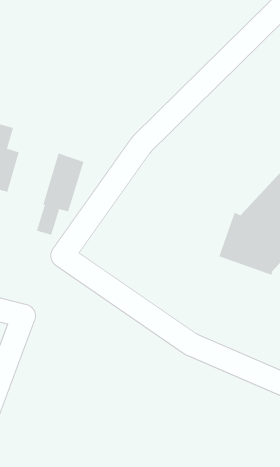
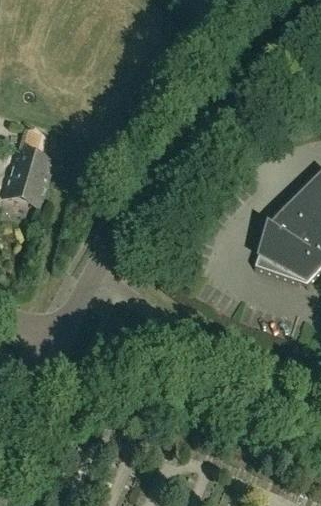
building: [36,147,85,236] -> none

